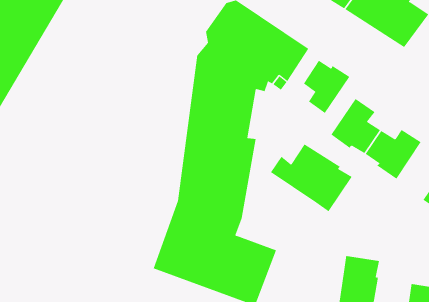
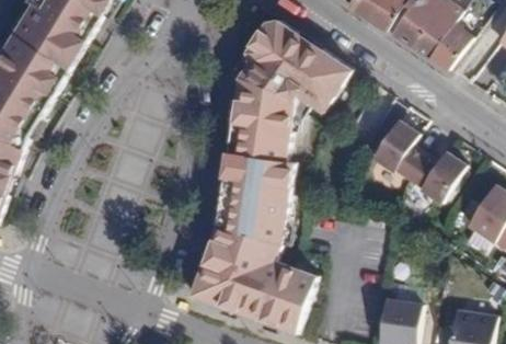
building: [303,60,350,114] -> none
building: [270,144,353,212] -> none

